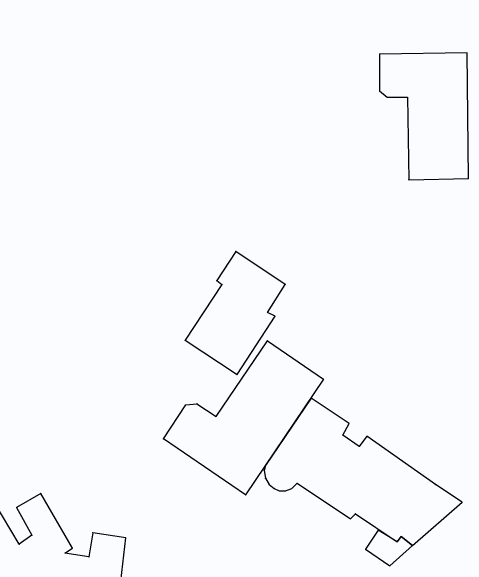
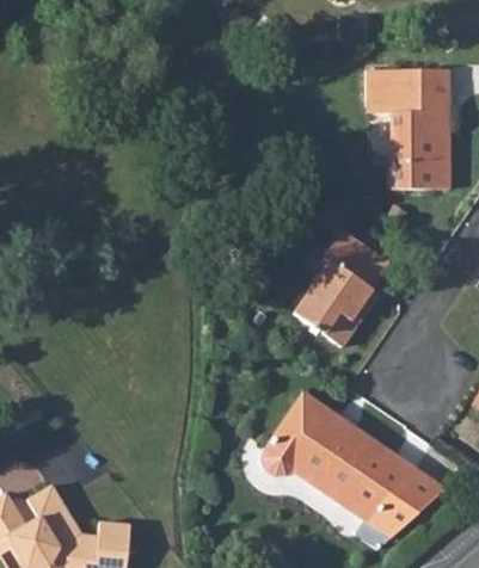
building: [185,251,285,375] -> [294,230,388,346]
building: [163,341,323,495] -> none

